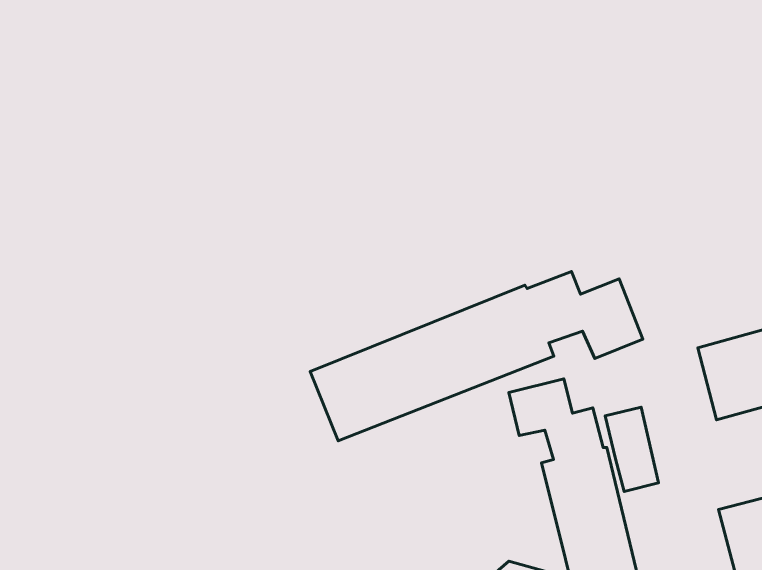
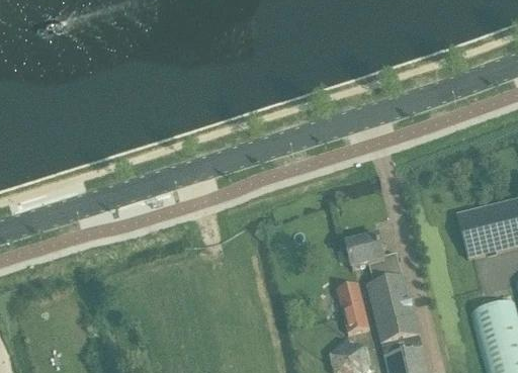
building: [310,271,643,441] -> none
building: [605,407,659,491] -> [337,282,368,332]

